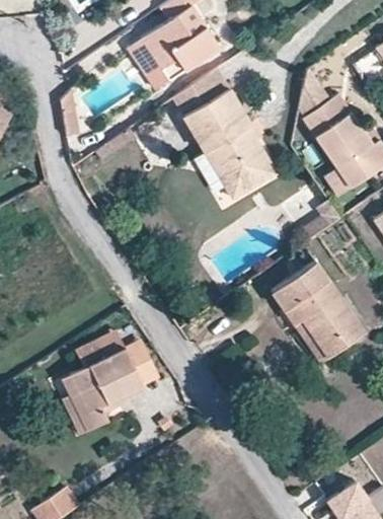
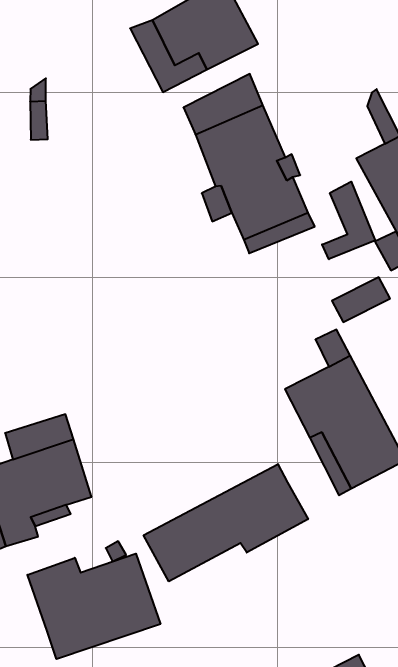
building: none -> [322,182,375,259]
building: none -> [144,464,308,581]
building: none -> [27,554,160,659]

